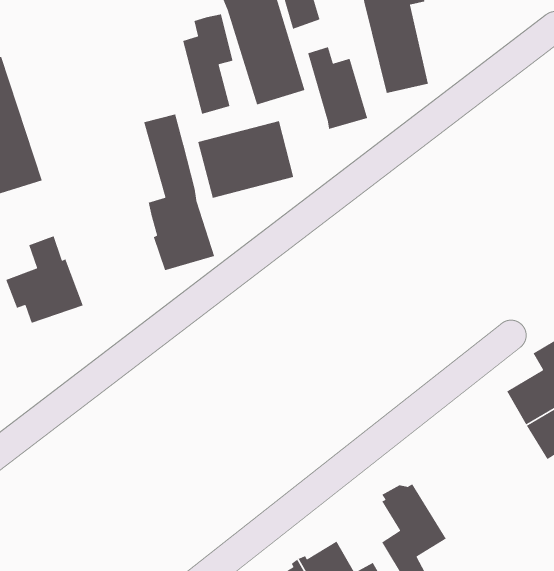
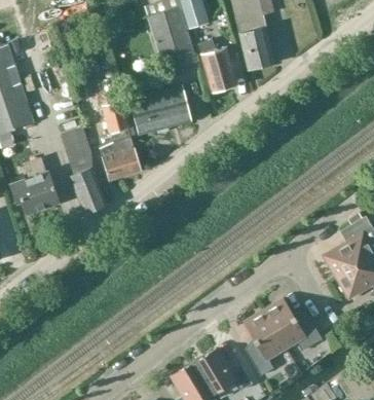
building: [182,13,234,115] -> none
building: none -> [63,129,108,215]
building: none -> [265,300,323,352]

